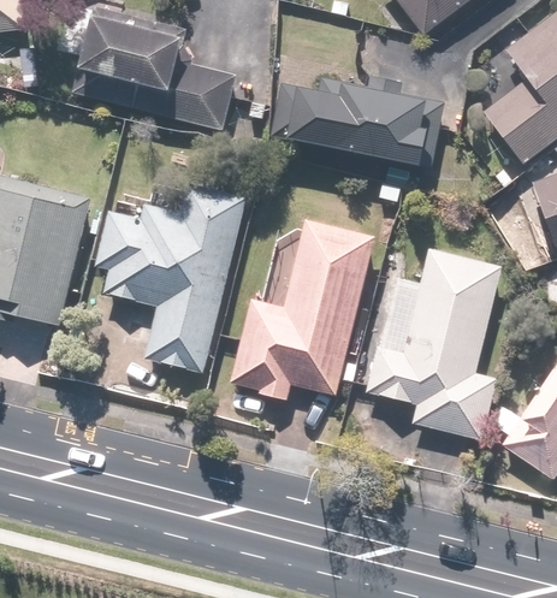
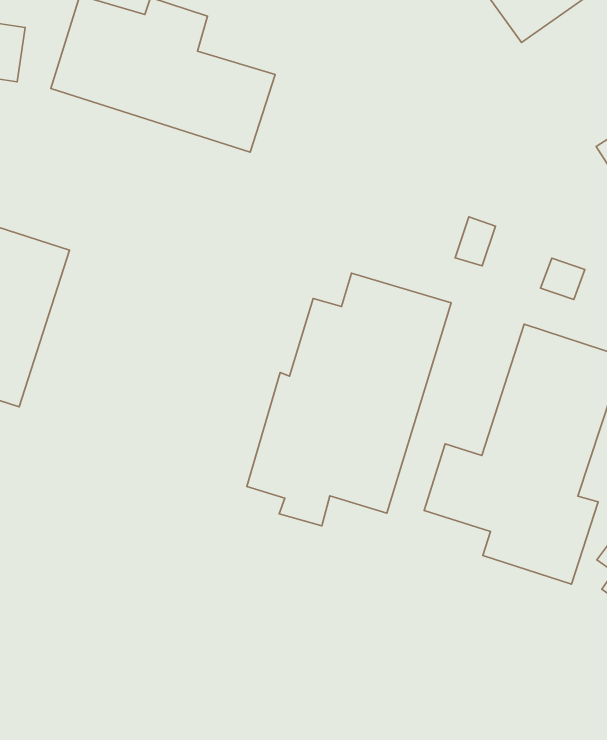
building: [274,77,422,166] -> none
building: [95,184,247,373] -> none

